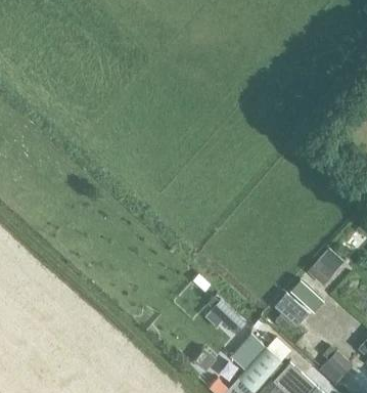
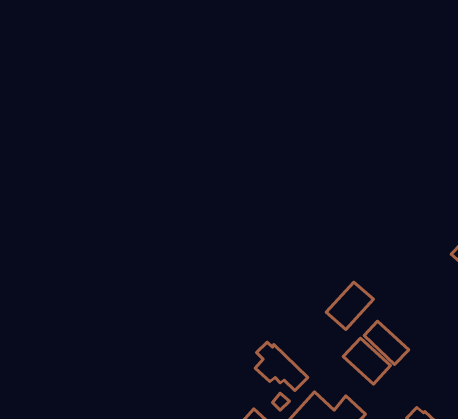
building: [309,250,346,287] -> [326,282,374,329]

